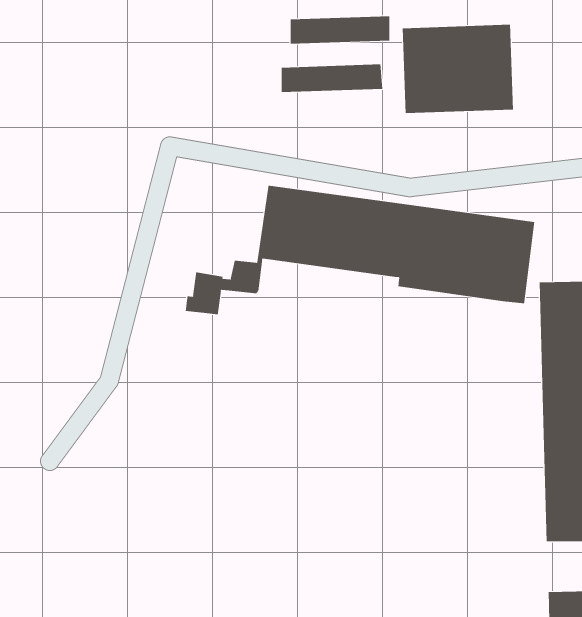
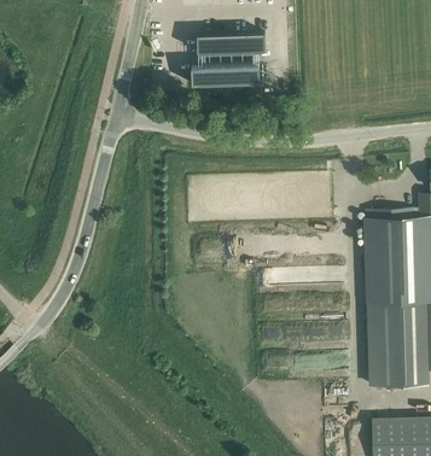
building: [402,24,514,114] -> none
building: [185,185,535,315] -> none

